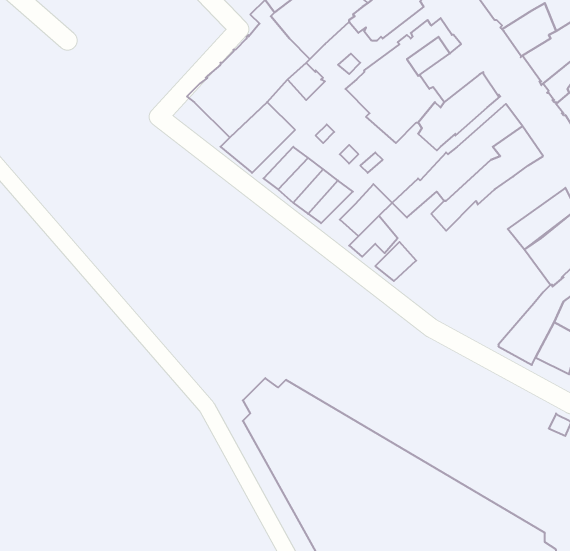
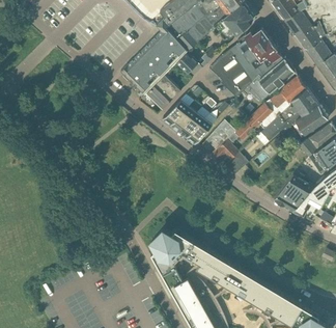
building: none -> [249,43,283,75]
building: none -> [291,105,328,137]
building: none -> [274,175,313,210]

